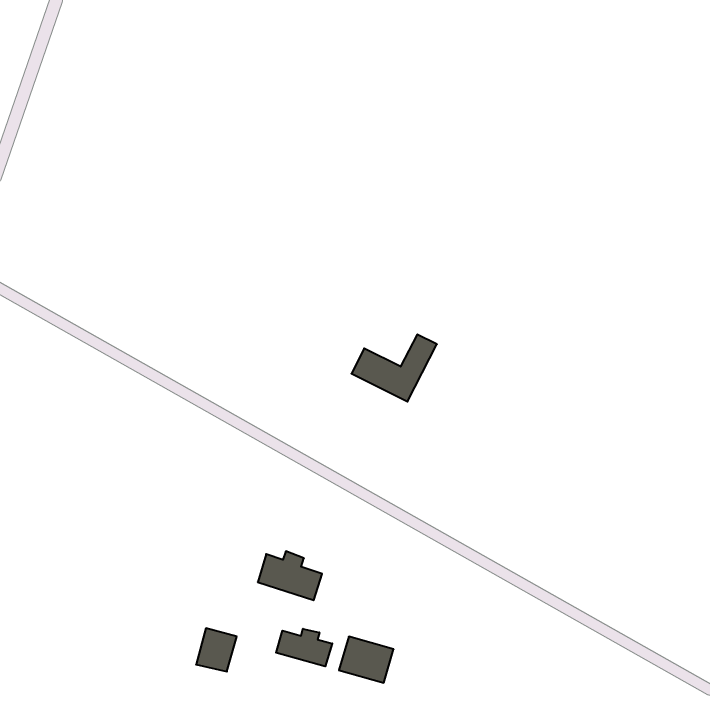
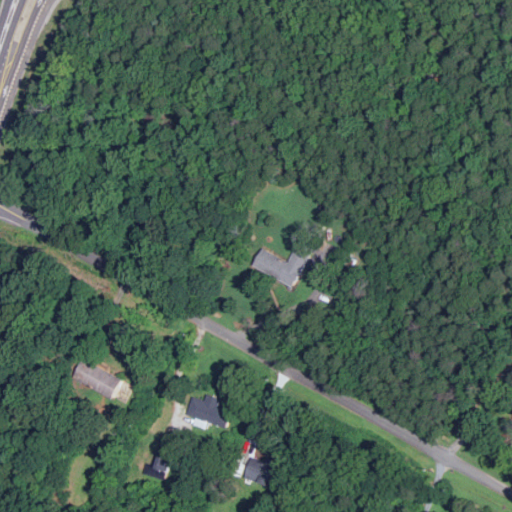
building: none -> [70,358,119,400]
building: [276,629,332,666] -> none

